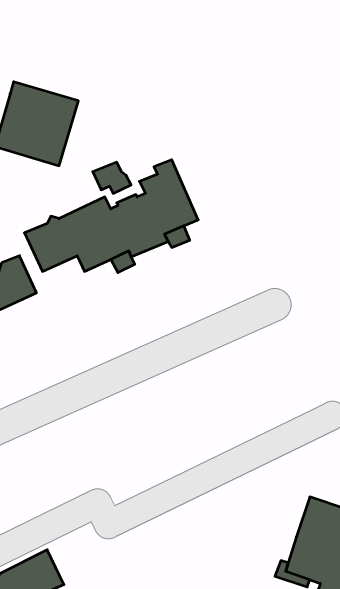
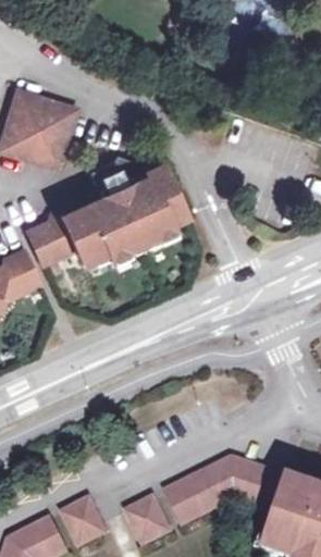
building: none -> [165,453,287,518]
building: none -> [125,493,169,537]
building: none -> [58,497,103,543]

